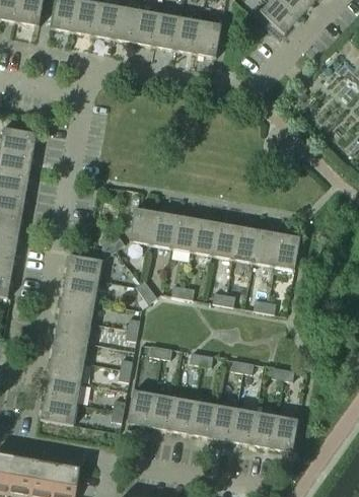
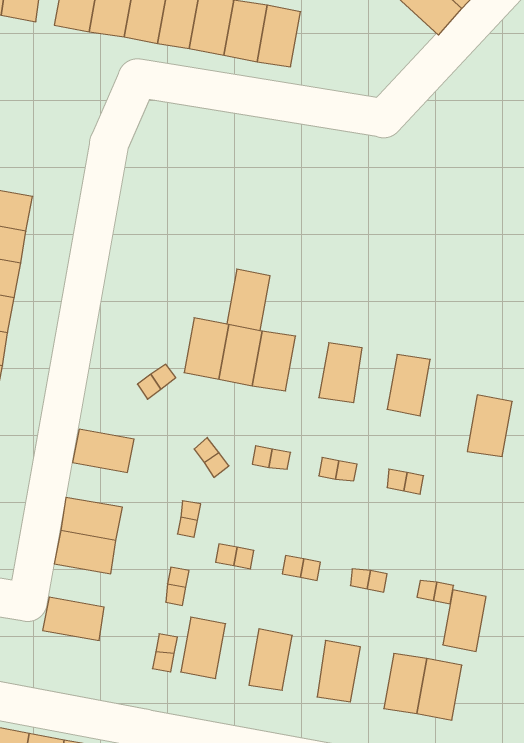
building: [194,19,221,57] -> none
building: [191,217,217,255] -> [227,269,270,331]
building: [232,224,259,262] -> none
building: [273,231,300,269] -> [467,395,512,456]
building: [65,254,101,280] -> none
building: [57,294,94,322] -> none
building: [47,356,84,382] -> none
building: [148,393,174,430] -> none
building: [40,397,77,424] -> none
building: [189,400,215,437] -> none
building: [230,407,257,444] -> [443,590,486,651]

